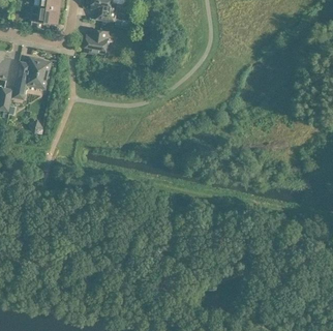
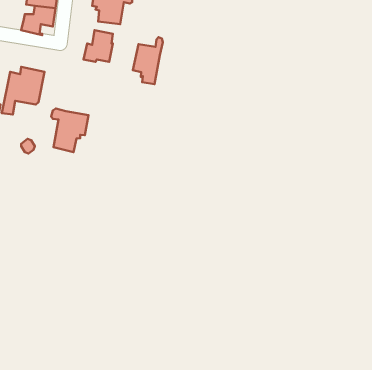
building: none -> [133,37,163,84]
building: none -> [51,109,89,152]

